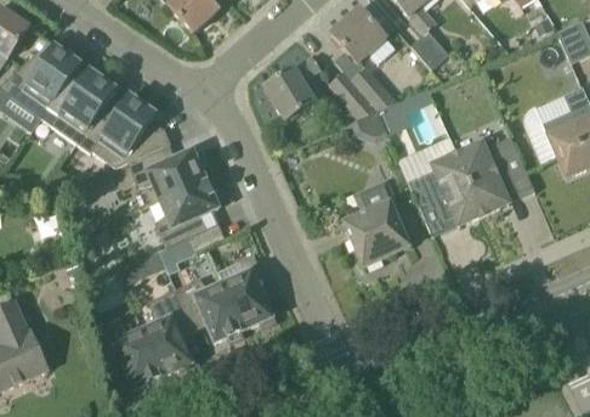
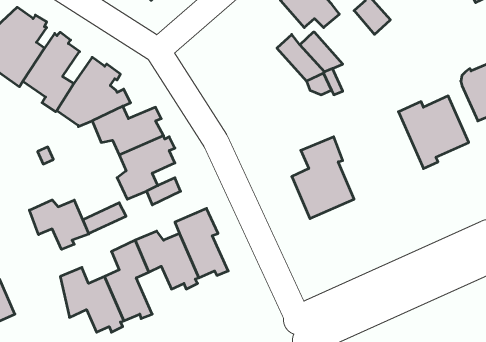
building: [263,55,320,119] -> none
building: [409,152,484,230] -> none
building: none -> [29,200,89,249]

